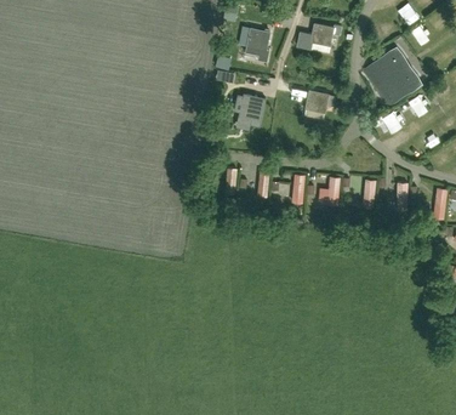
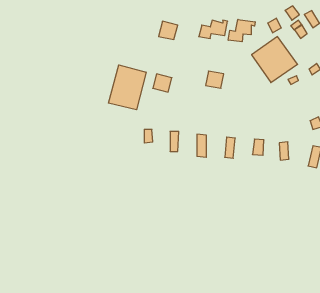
building: none -> [228,19,255,42]
building: none -> [108,65,146,110]

